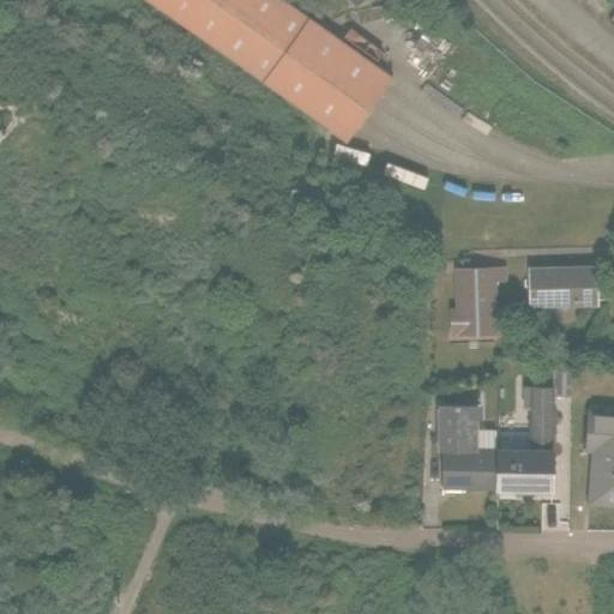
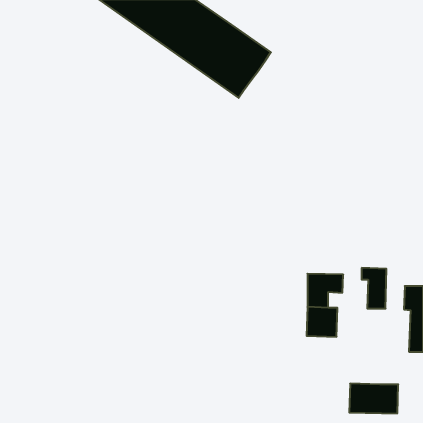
building: [529,265,598,306] -> none
building: [453,267,507,338] -> none
building: [486,445,556,488] -> [349,384,398,413]

